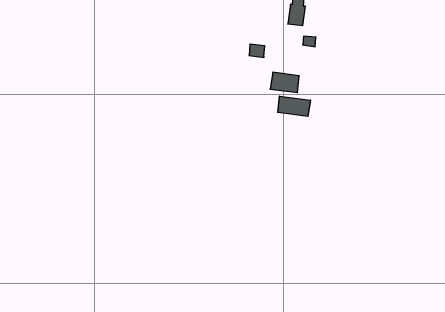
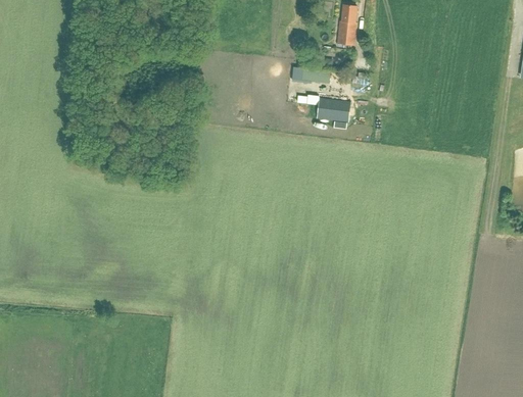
building: [278,96,310,116] -> none

